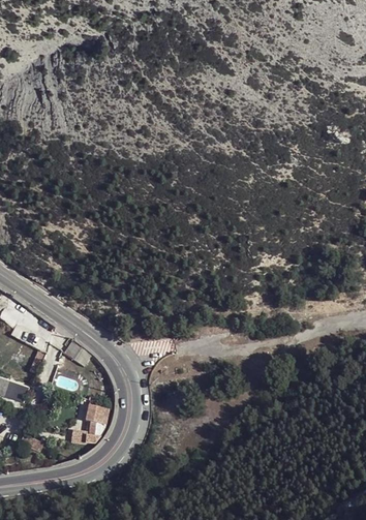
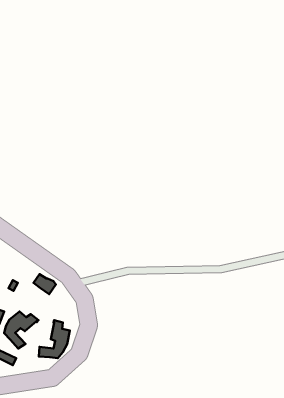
building: none -> [4,311,39,348]

